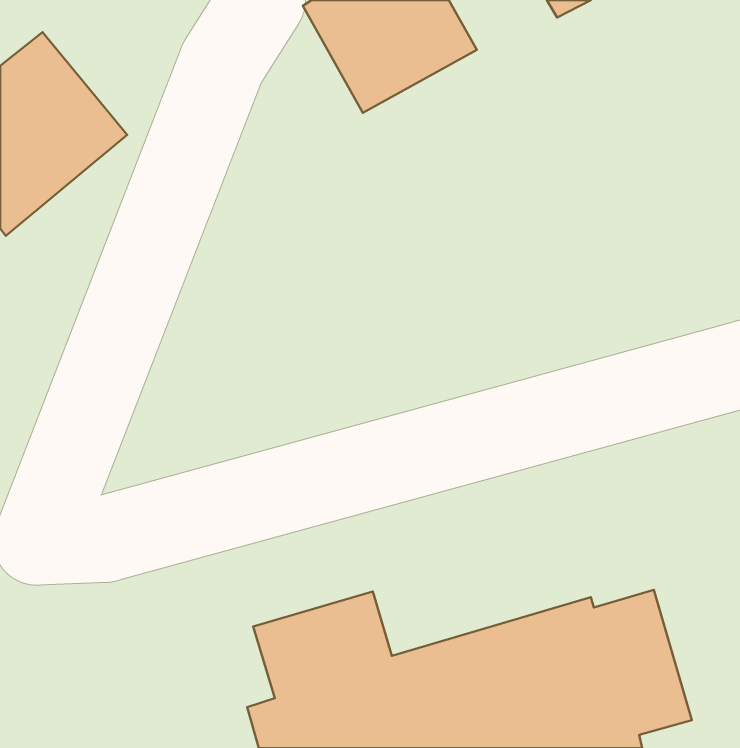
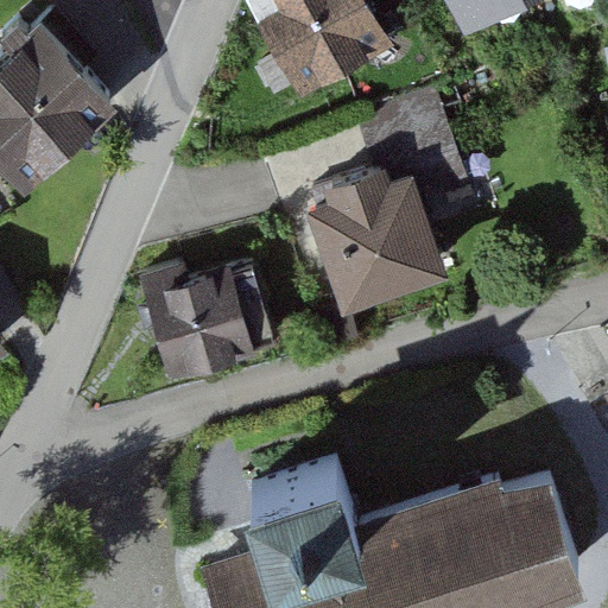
building: none -> [309,96,476,309]
building: none -> [147,266,256,380]

